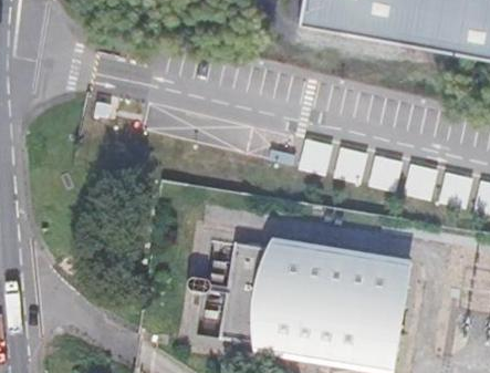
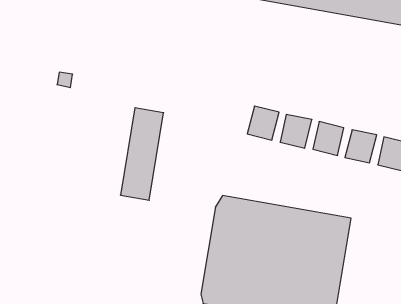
building: [219,244,265,343] -> [120,108,164,200]

